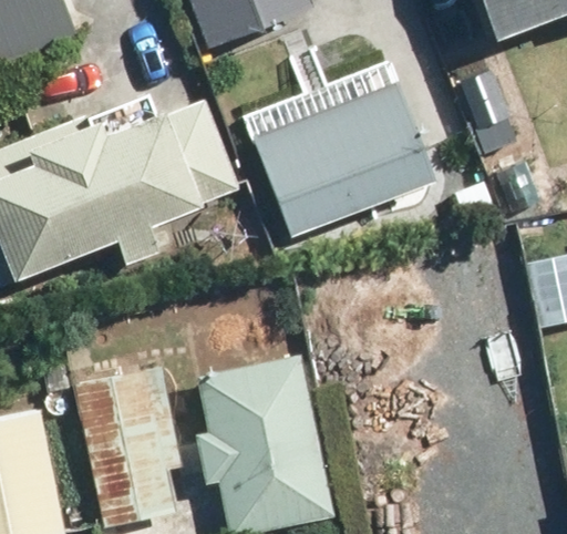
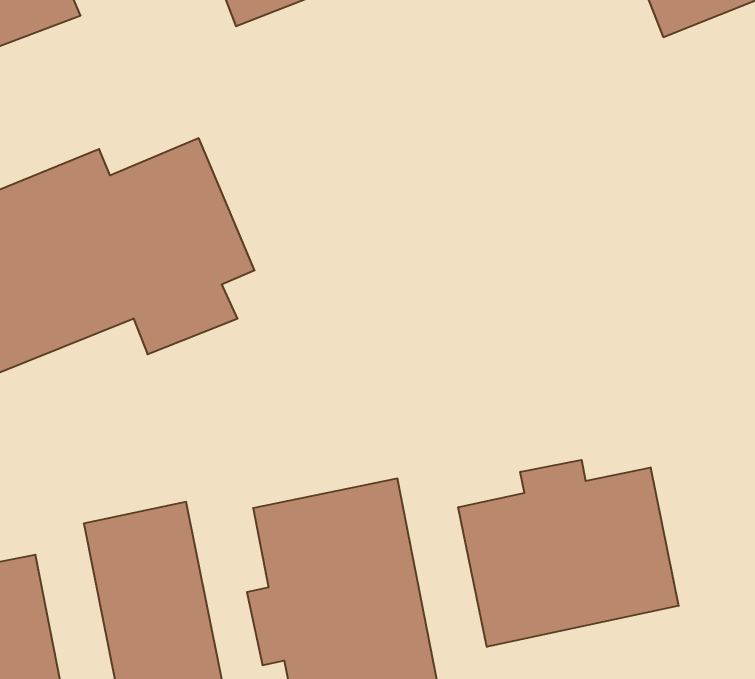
building: [238,65,427,242] -> none
building: none -> [458,460,679,647]

